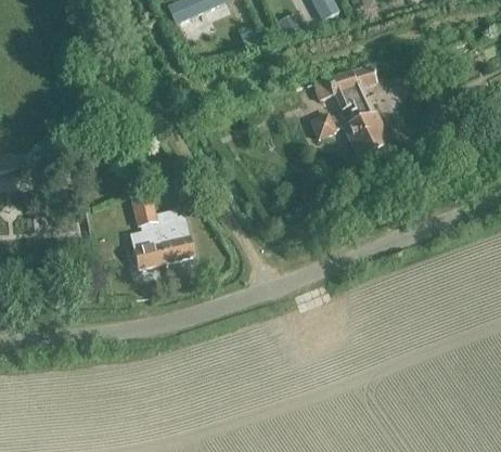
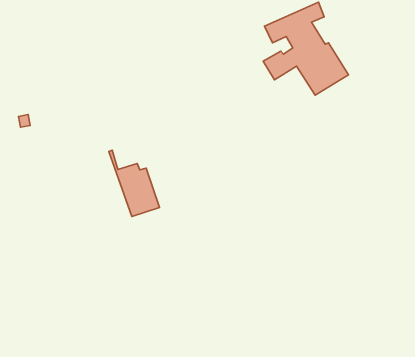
building: [129,195,166,268] -> none

